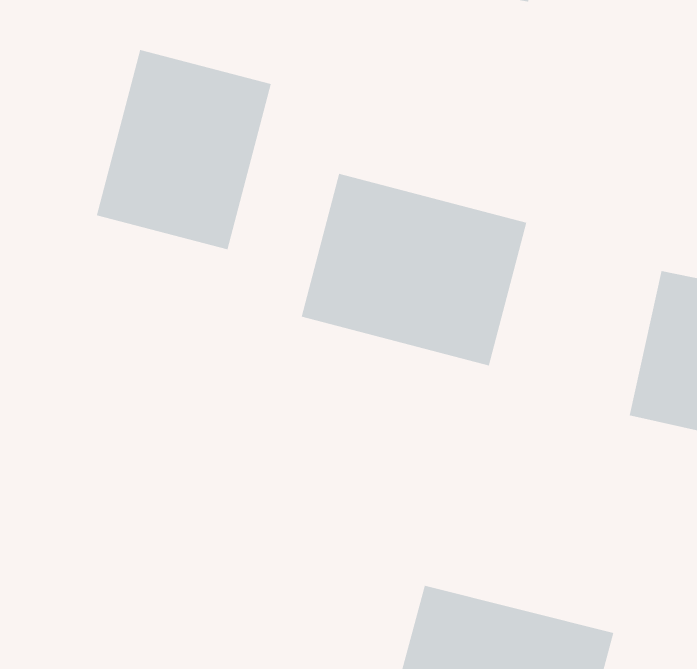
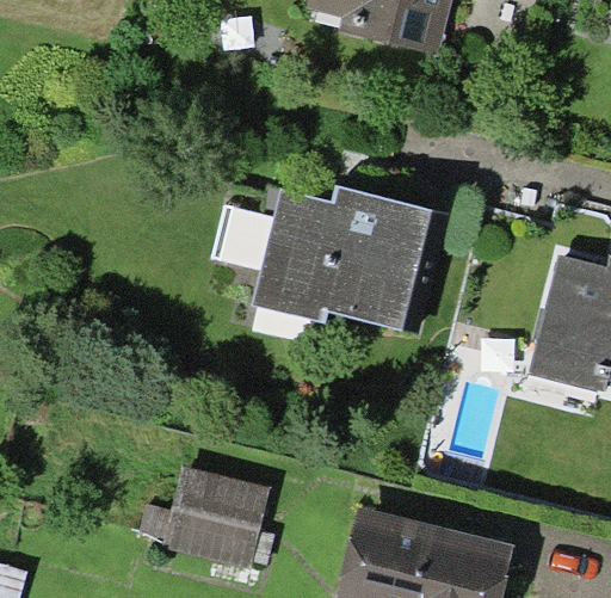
building: [96,49,271,250] -> none
building: none -> [159,468,270,573]

